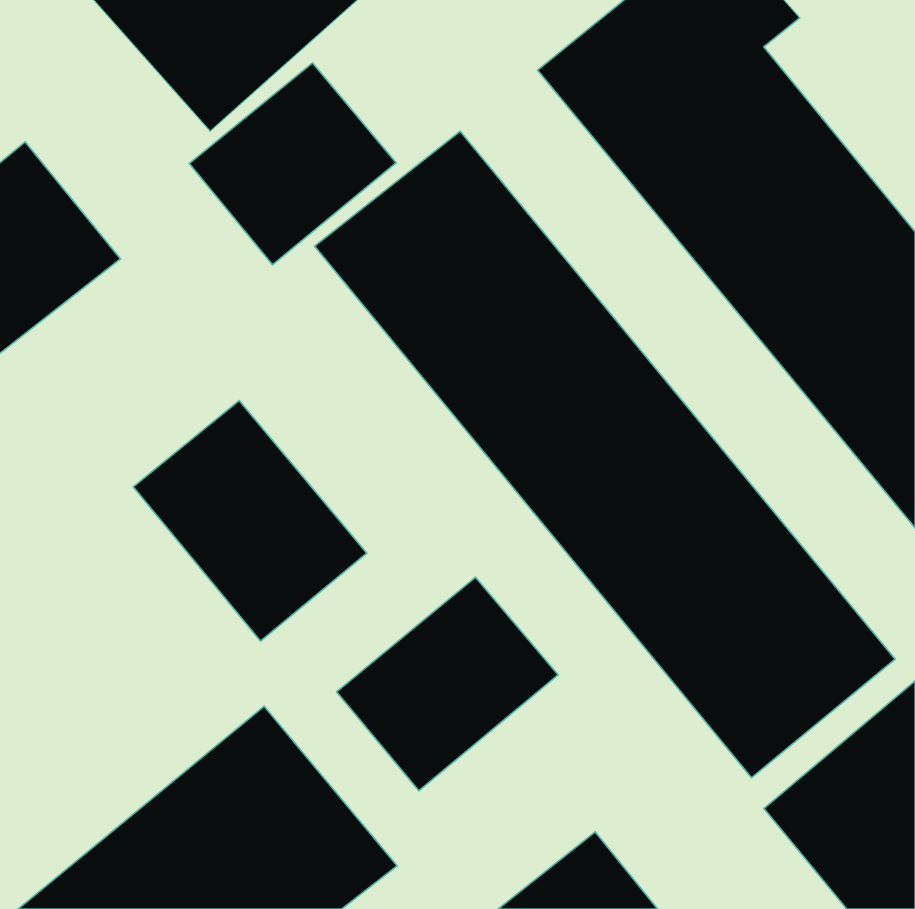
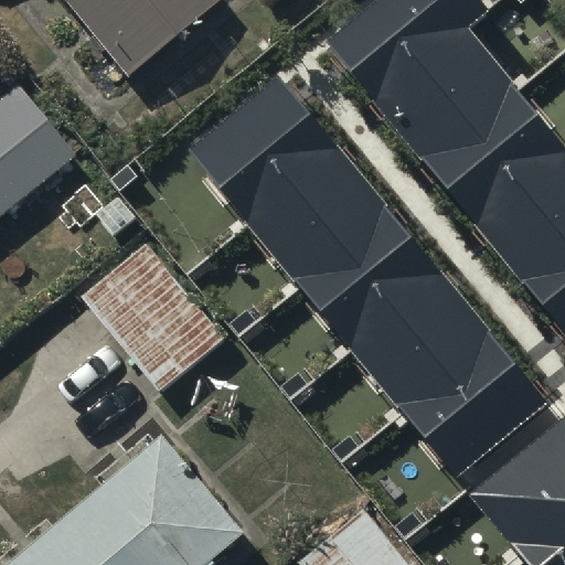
building: [189,63,396,265] -> none
building: [336,577,558,791] -> none

